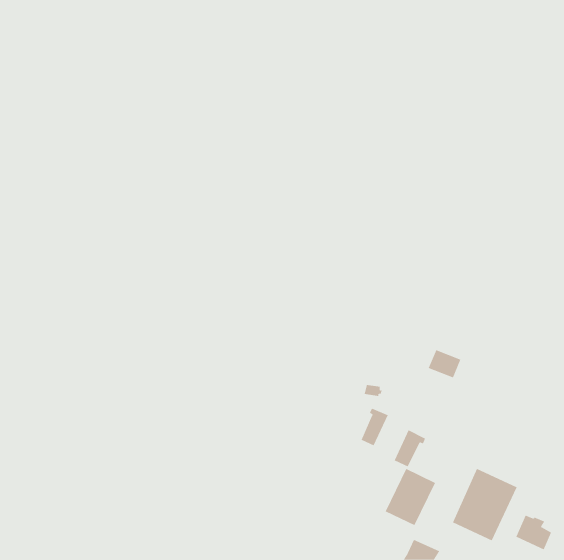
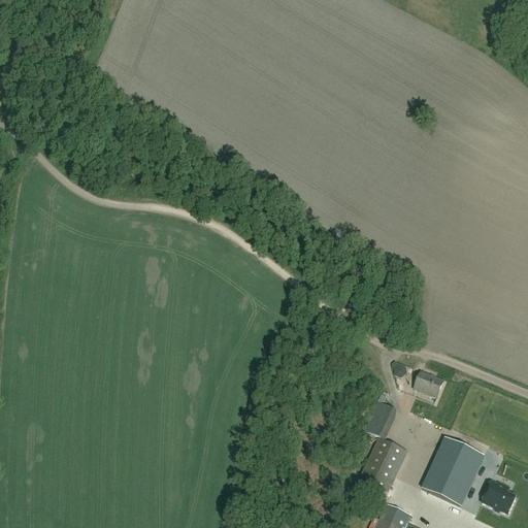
building: [428,350,461,378] -> [412,370,443,397]
building: [361,408,388,446] -> none

